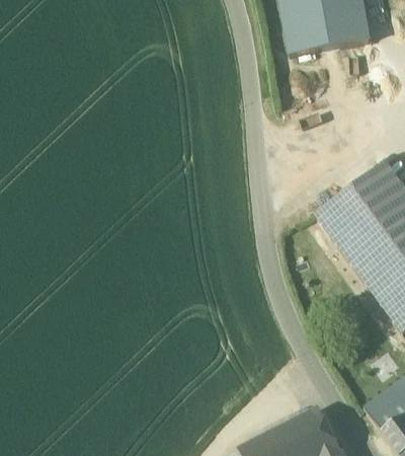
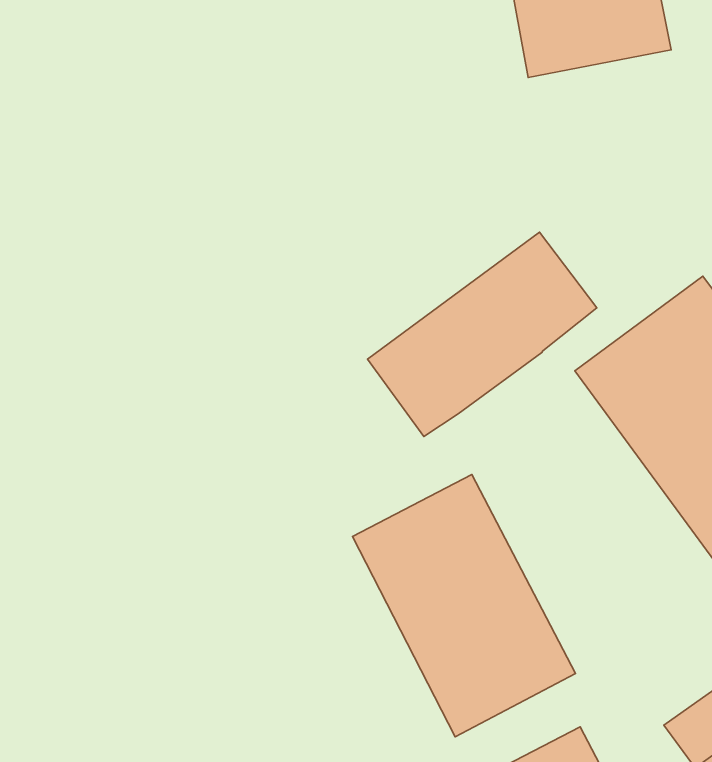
building: none -> [367,232,597,437]
building: none -> [352,475,575,737]

